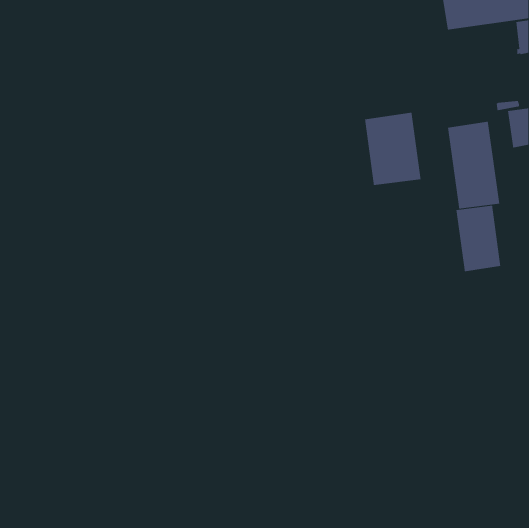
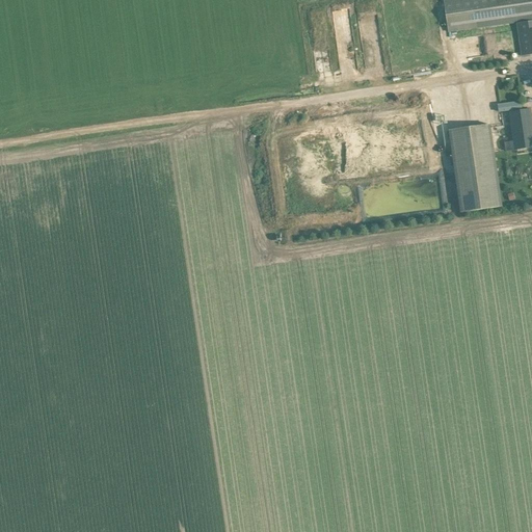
building: [364,112,421,186] -> none
building: [456,205,501,272] -> none

